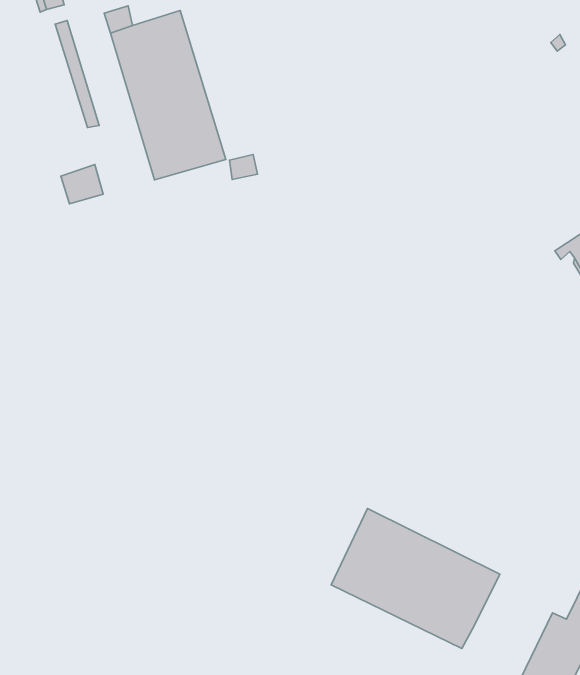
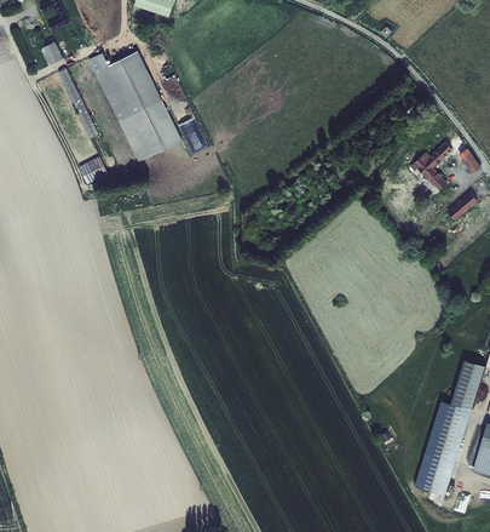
building: [331,509,500,649] -> none

